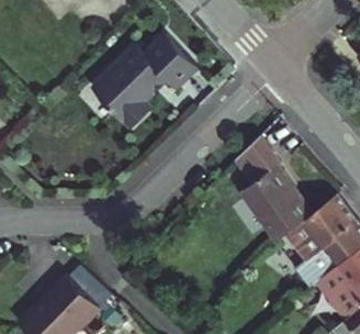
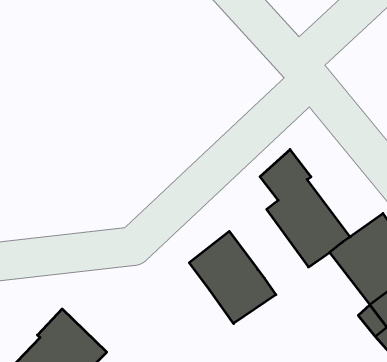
building: [93,31,200,125] -> none
building: none -> [189,231,276,324]

